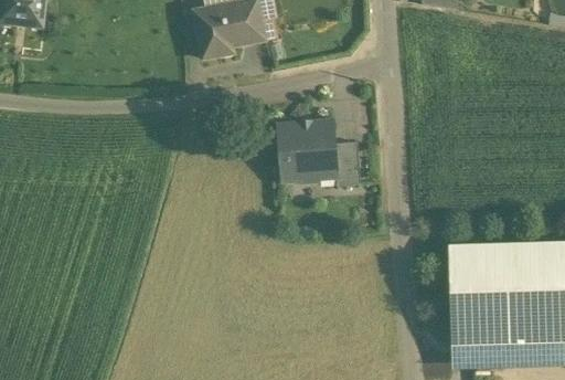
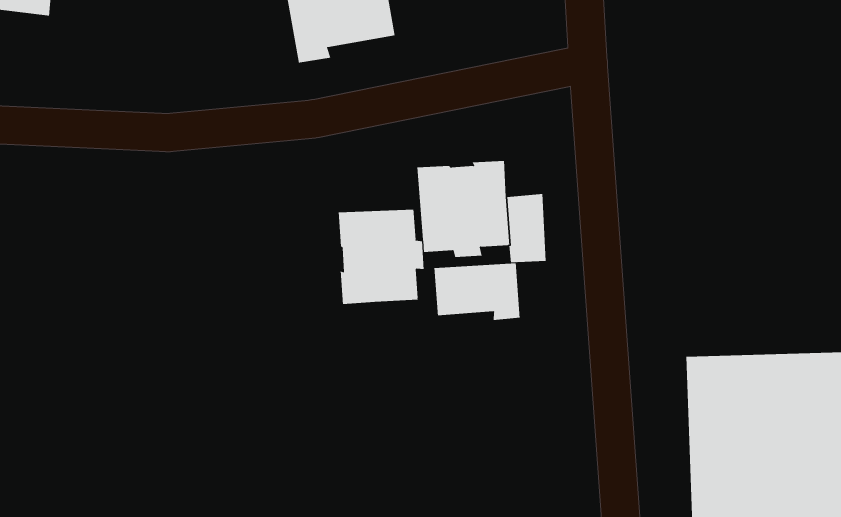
building: none -> [338,209,424,305]
building: none -> [434,263,520,321]

